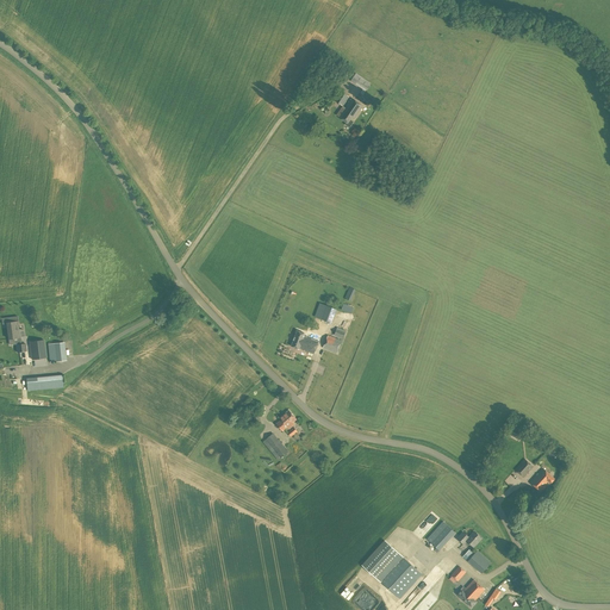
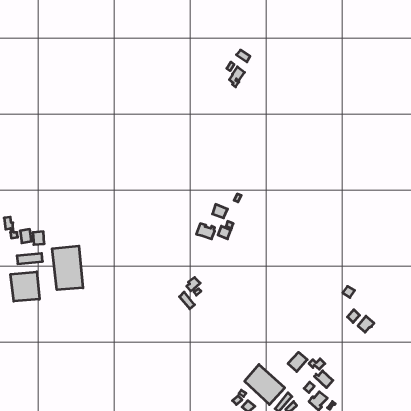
building: none -> [52,246,83,290]
building: none -> [11,272,39,301]

